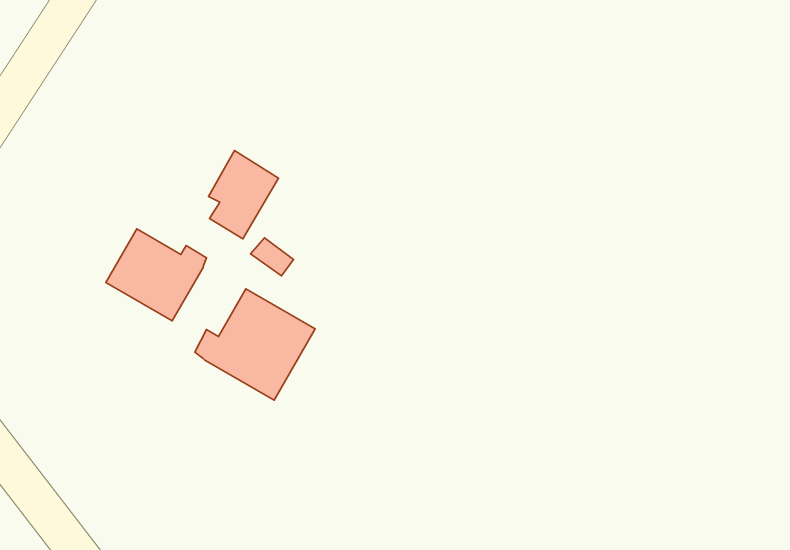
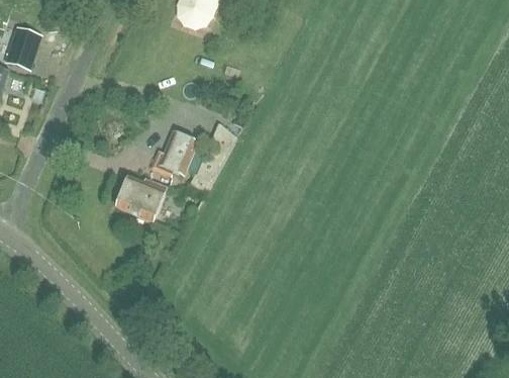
building: [195,289,315,400] -> none

